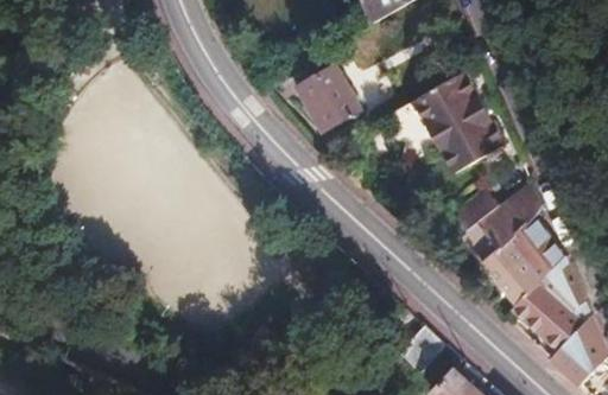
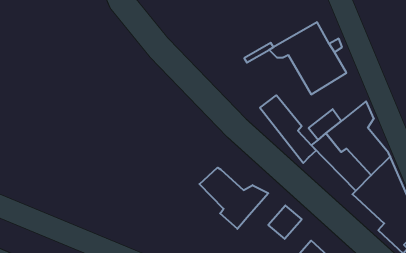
building: [297,65,360,130] -> none
building: none -> [260,95,316,163]
building: none -> [199,168,268,229]

